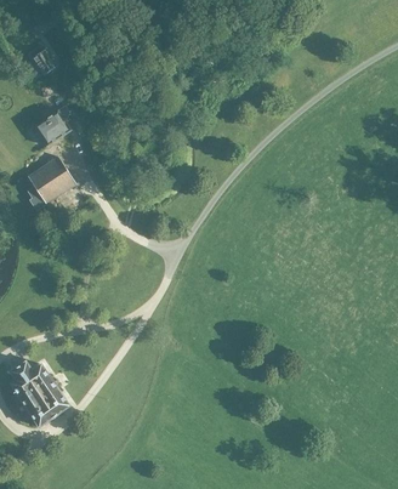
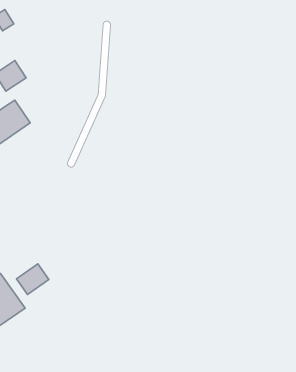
building: none -> [16,264,49,295]

